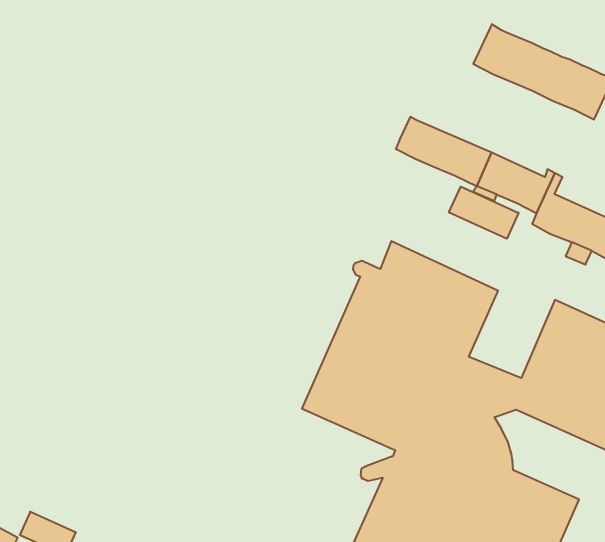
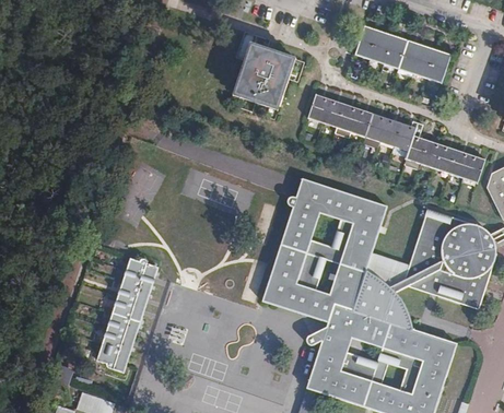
building: none -> [234,45,292,108]
building: [449,187,519,239] -> none
building: none -> [96,257,157,373]

